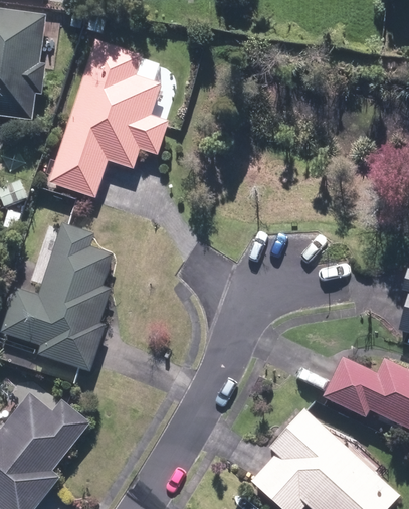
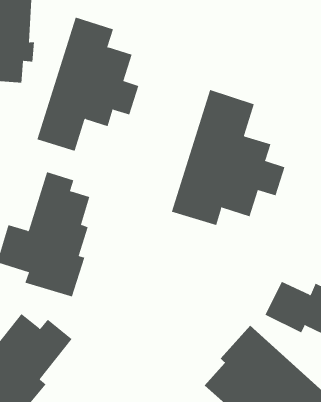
building: none -> [171,89,285,226]

